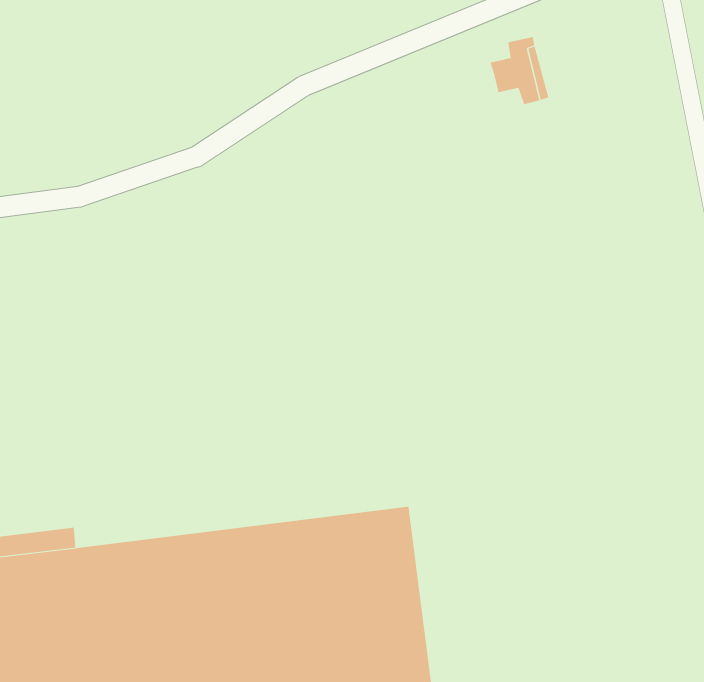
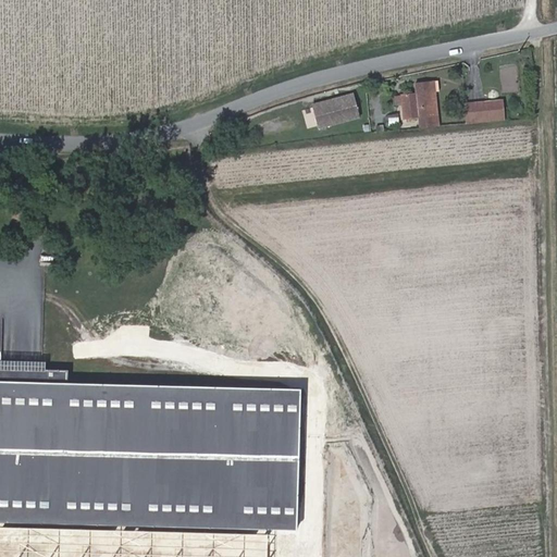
building: none -> [463,100,504,123]
building: none -> [308,95,356,128]

